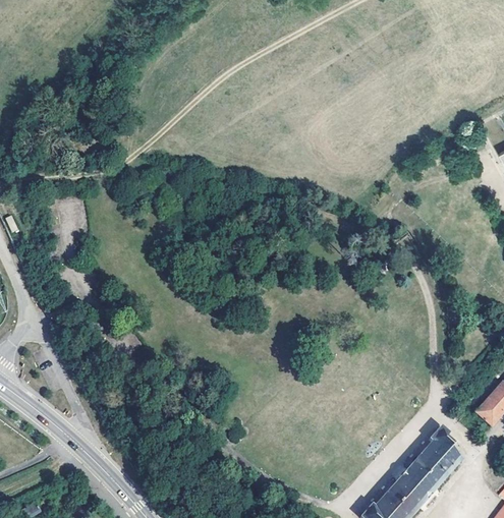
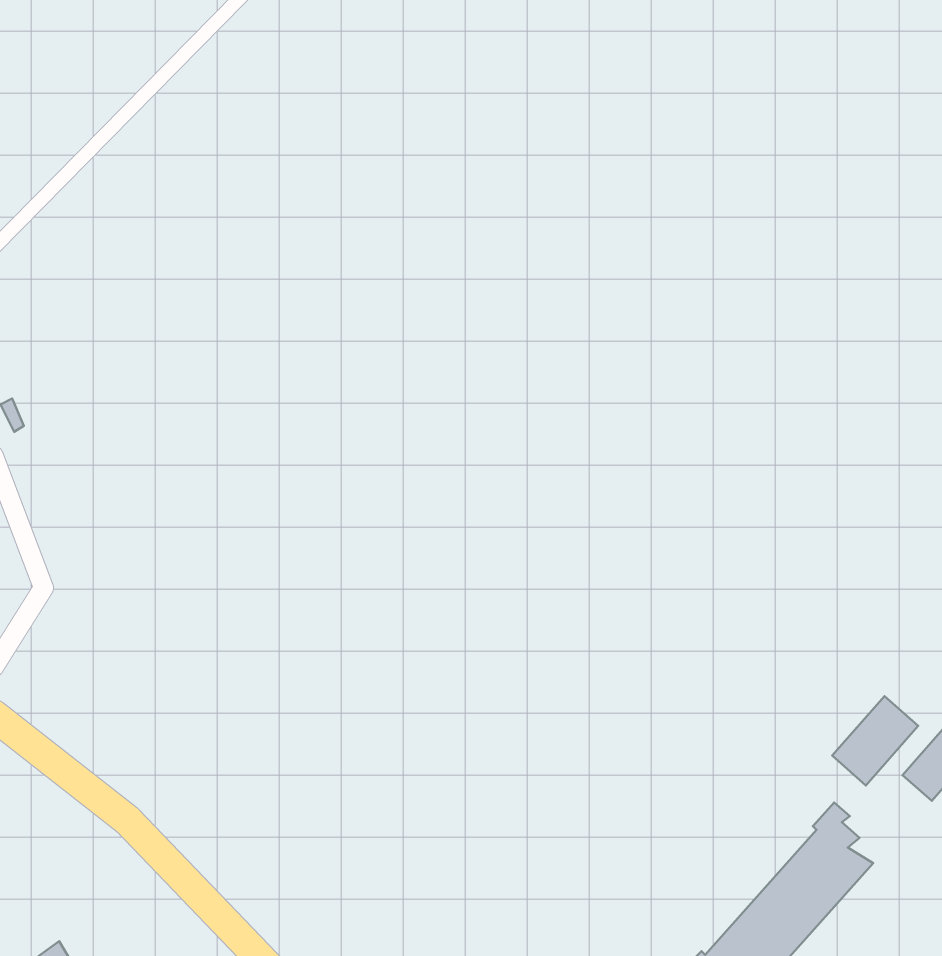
building: none -> [832,696,918,785]

